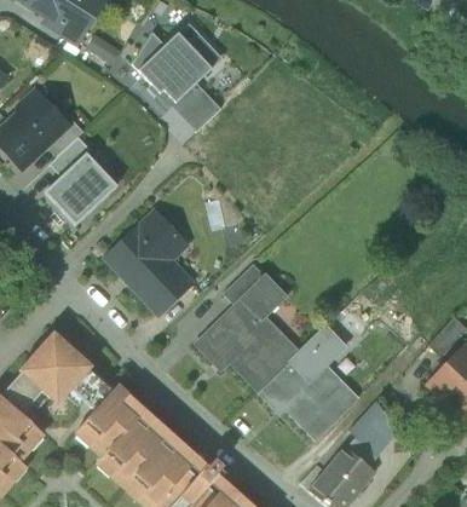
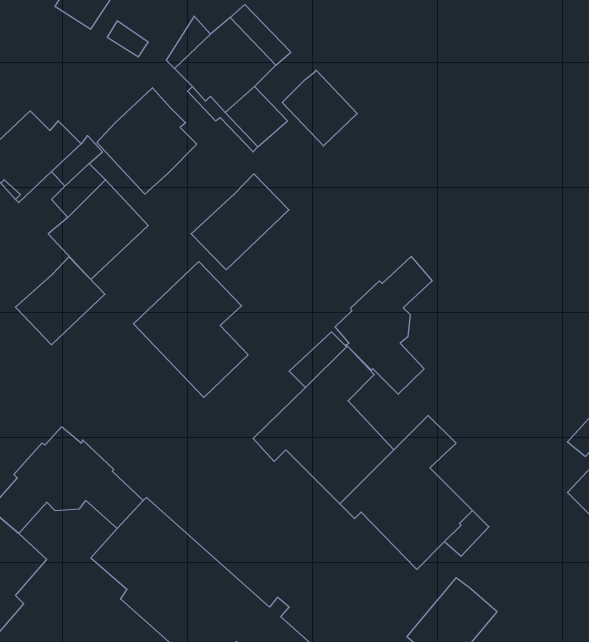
building: none -> [282,70,357,146]
building: none -> [97,88,197,194]
building: none -> [191,174,289,270]
building: none -> [335,256,432,394]
building: none -> [15,257,105,345]
building: [346,408,397,455] -> none

